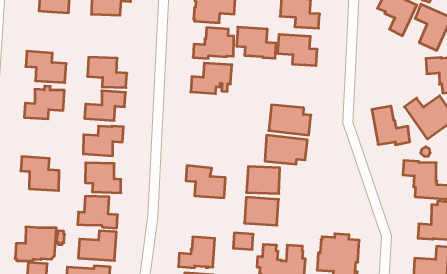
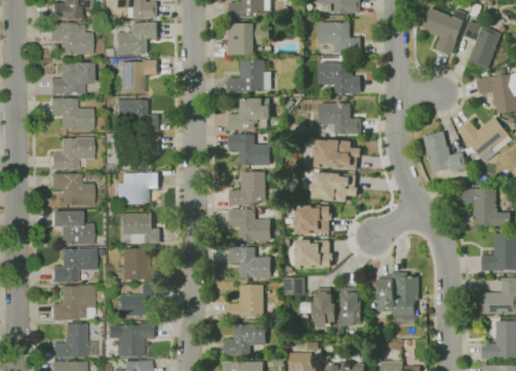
building: none -> [50,63,92,95]
building: none -> [116,59,157,93]
building: [237,27,276,58] -> [319,104,361,134]
building: none -> [228,134,270,165]
building: none -> [50,174,93,205]
building: none -> [229,172,266,207]
building: none -> [51,248,95,283]
building: none -> [229,247,271,278]

